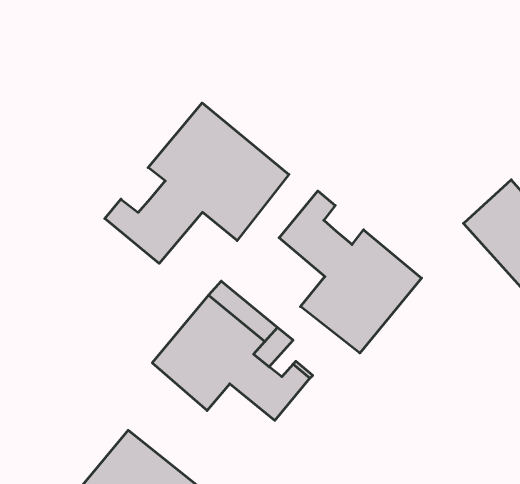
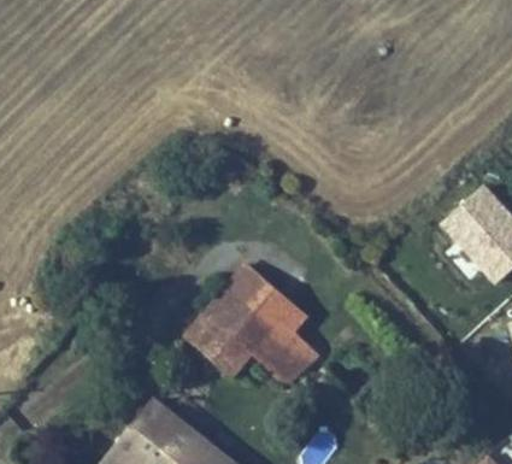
building: [105,103,289,263] -> none
building: [279,191,422,353] -> none

